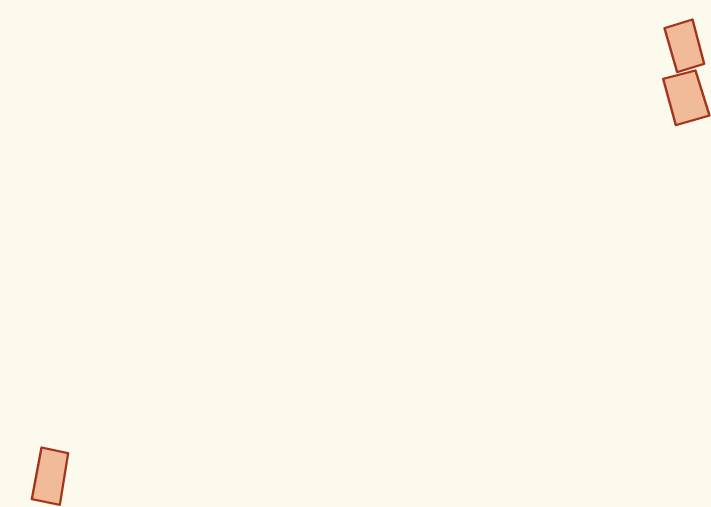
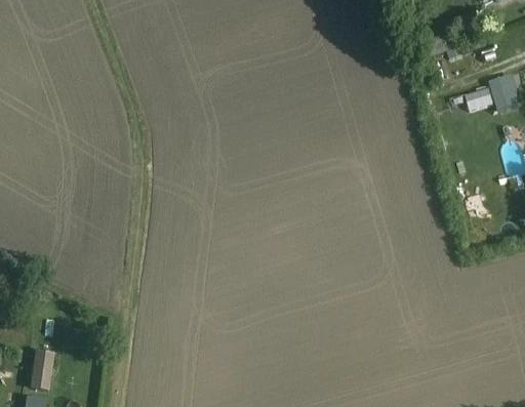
building: [664,20,704,72] -> none

